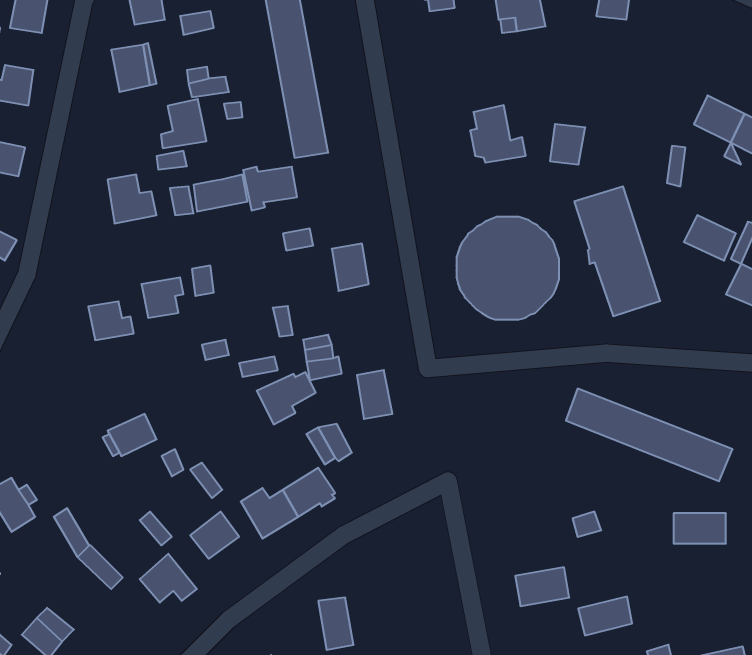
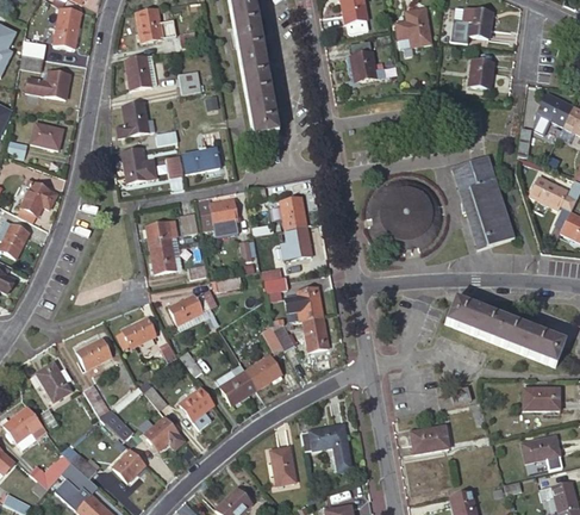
building: [161,99,206,148] -> [117,101,149,136]
building: [470,105,526,163] -> [345,41,385,81]
building: [550,124,585,164] -> [468,60,493,88]
building: [243,167,297,211] -> [199,199,237,230]
building: none -> [281,225,312,260]
building: [88,301,134,340] -> [150,246,182,273]
building: [257,372,316,424] -> [168,293,210,330]
building: none -> [303,317,329,350]
building: none -> [76,339,111,368]
building: none -> [300,423,351,470]
building: [578,597,632,635] -> [520,435,559,463]
building: none -> [113,448,145,482]

